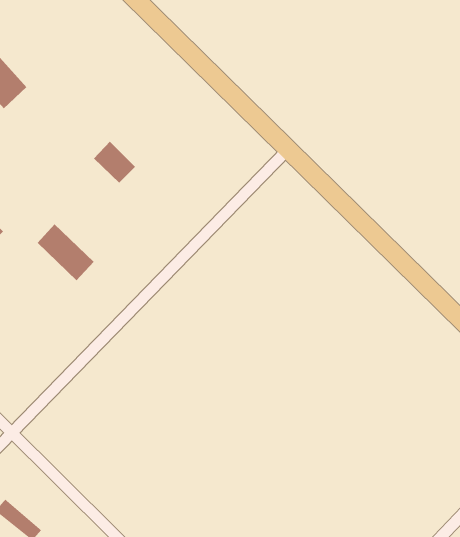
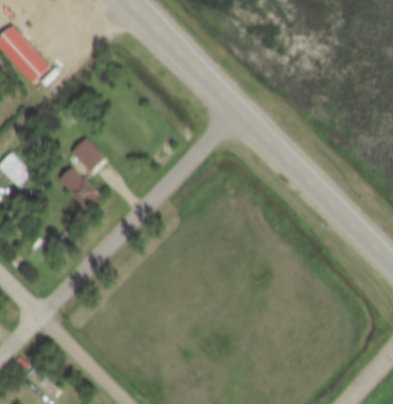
building: [93,141,136,183] -> [72,140,103,171]

